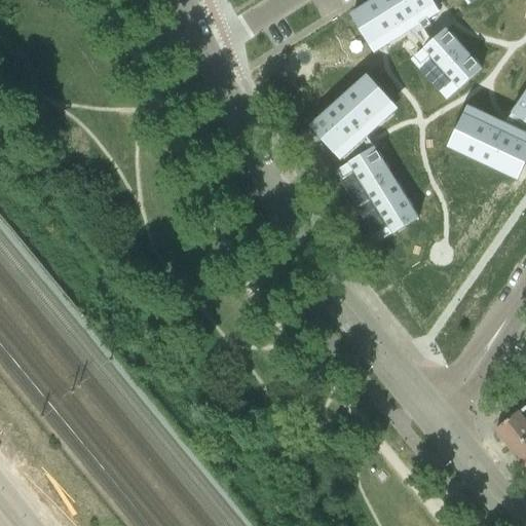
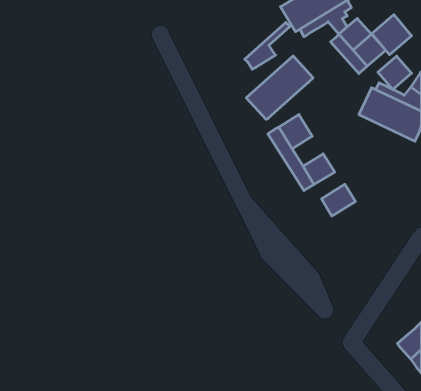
building: none -> [372,15,412,55]
building: none -> [378,56,412,89]
building: [336,106,391,163] -> [245,22,290,69]
building: [366,173,404,210] -> none
building: none -> [322,184,355,216]

